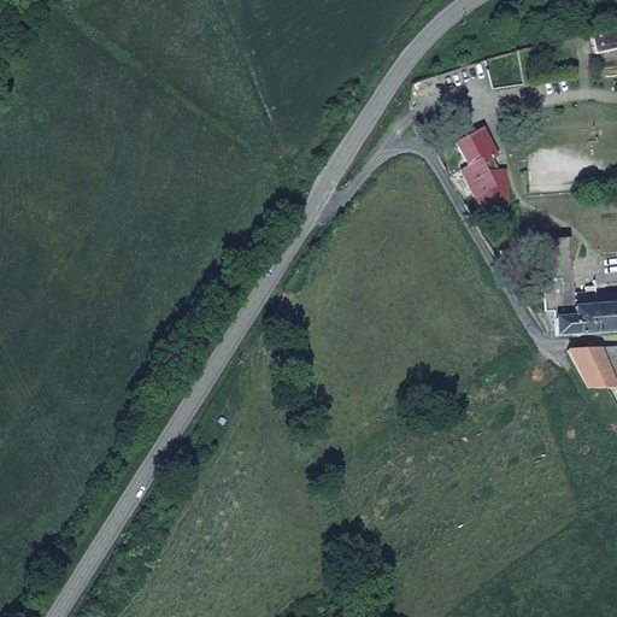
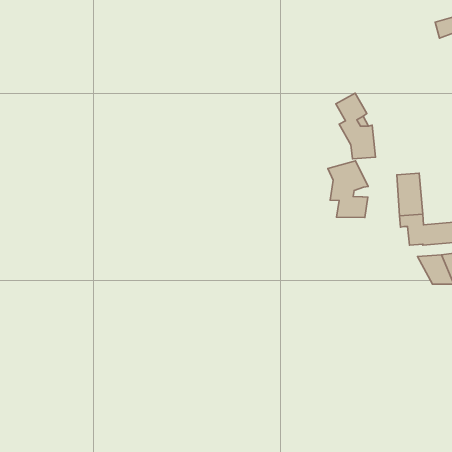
building: none -> [328,161,368,217]

